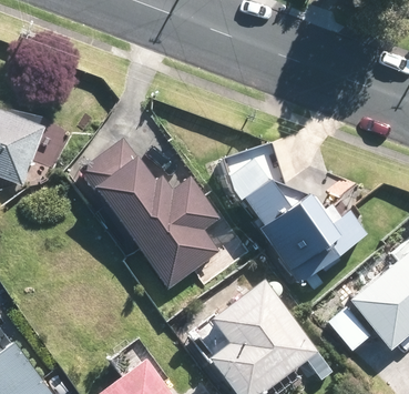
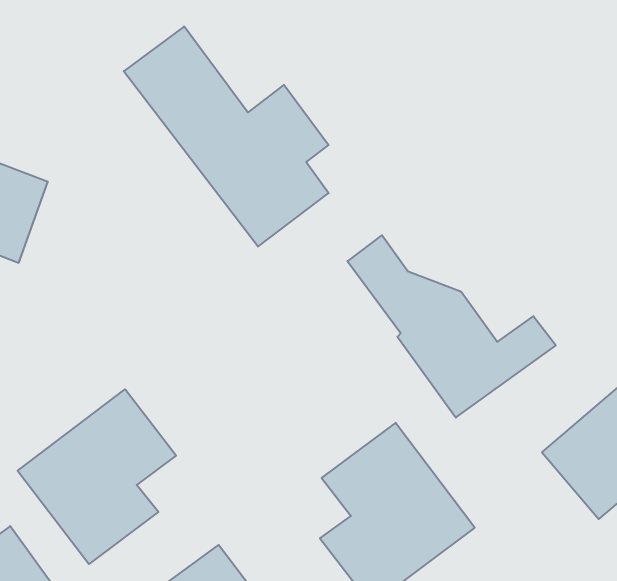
building: [84,141,216,283] -> [124,26,329,247]
building: none -> [18,389,176,564]

